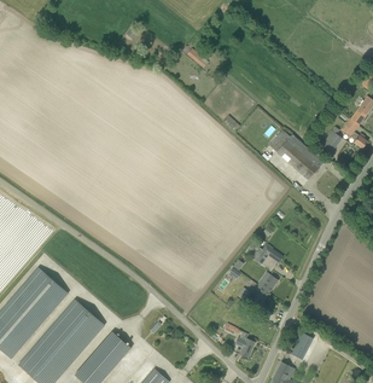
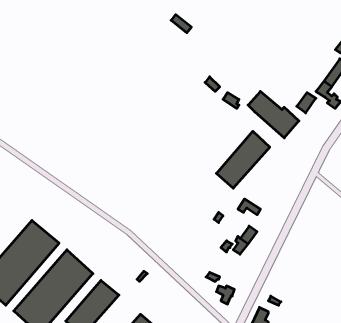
building: none -> [216,131,270,188]

